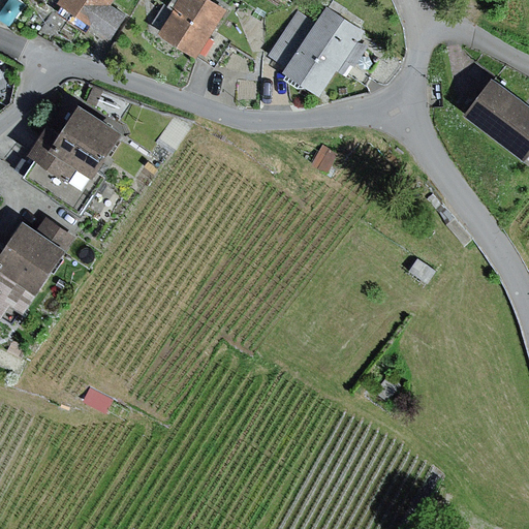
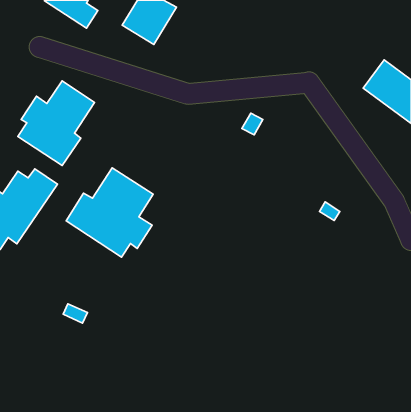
building: [267,6,366,94] -> none
building: none -> [66,168,153,257]

